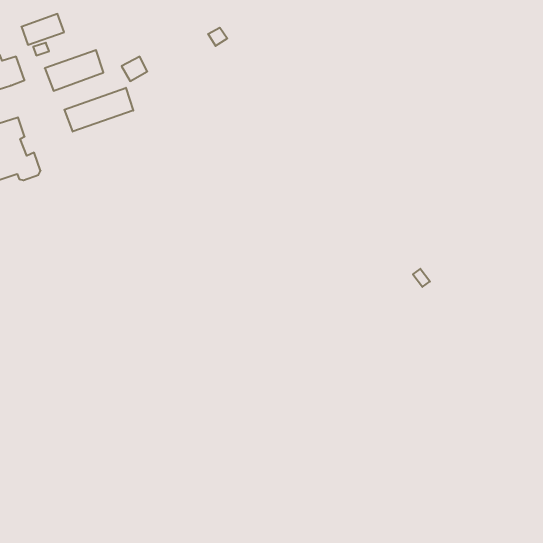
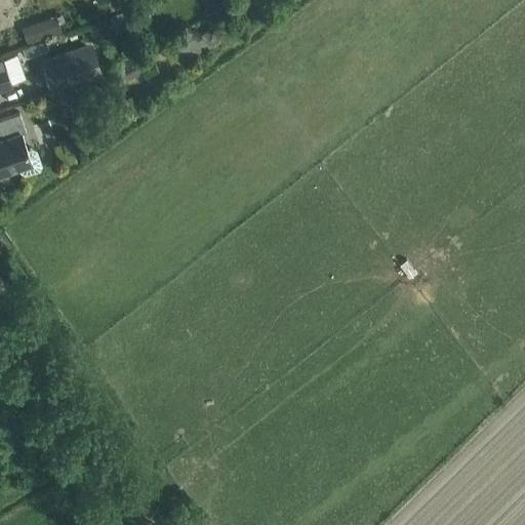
building: [64,88,133,132] -> none

